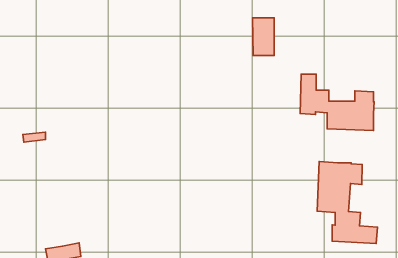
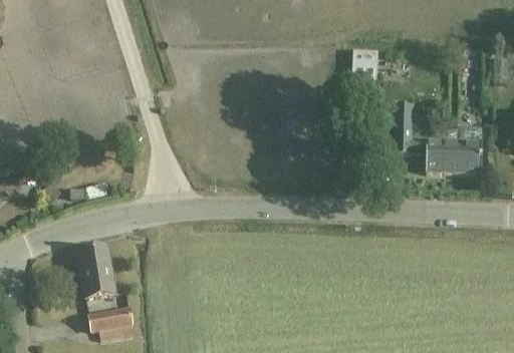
building: [317,161,377,243] -> none
building: none -> [76,245,116,297]

